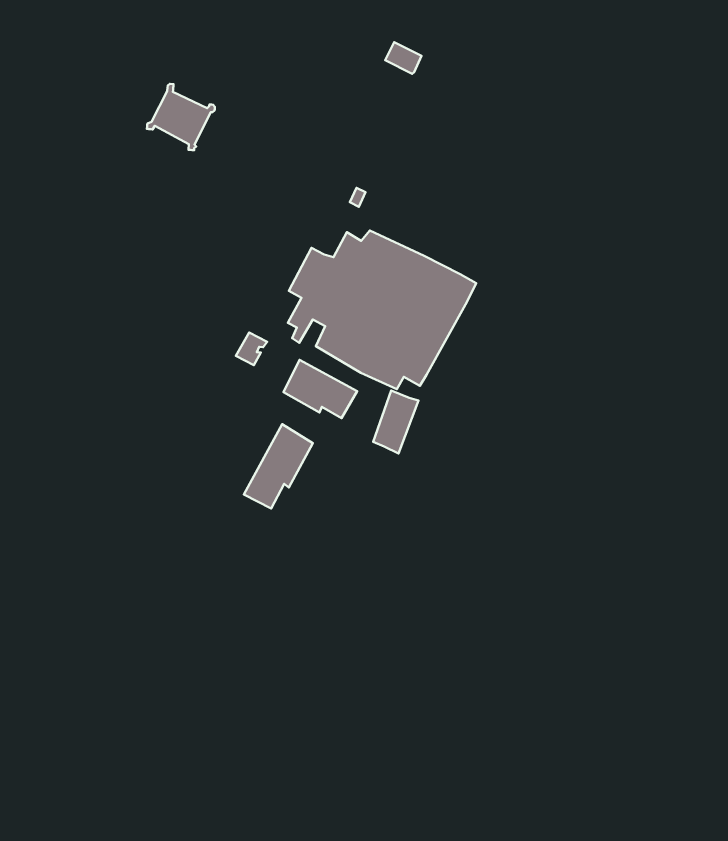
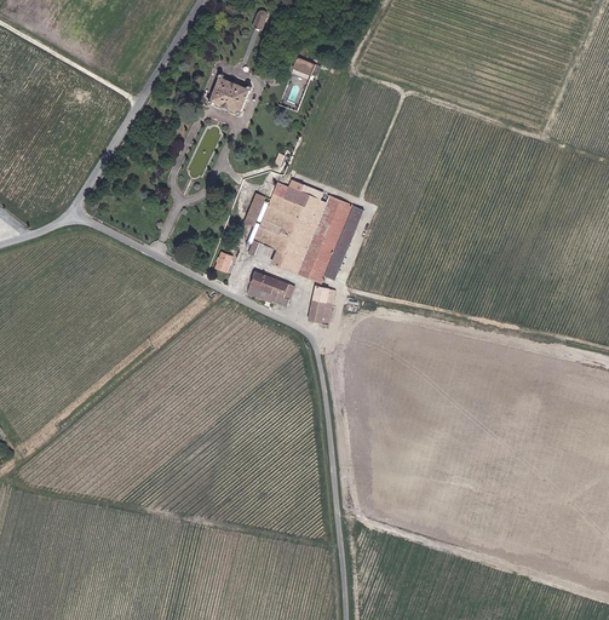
building: [147,84,215,150] -> [208,75,251,116]
building: [244,424,313,508] -> none

